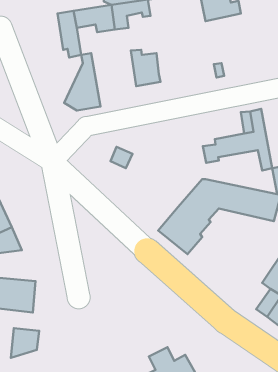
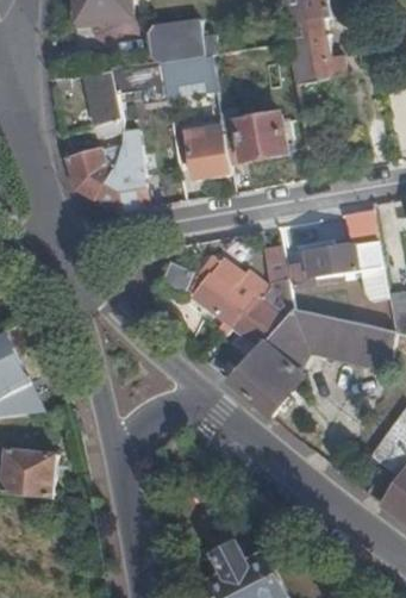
building: none -> [221,106,287,161]
building: none -> [63,145,121,201]
building: none -> [194,251,294,348]
building: [11,328,39,358] -> none

